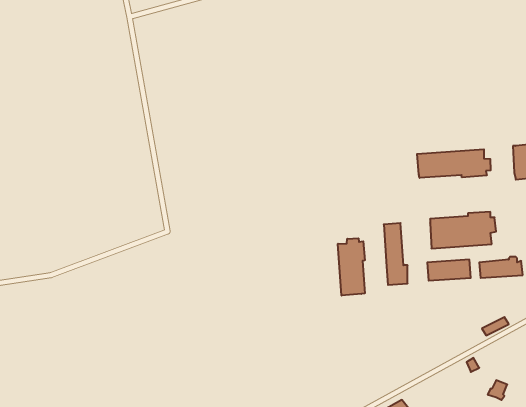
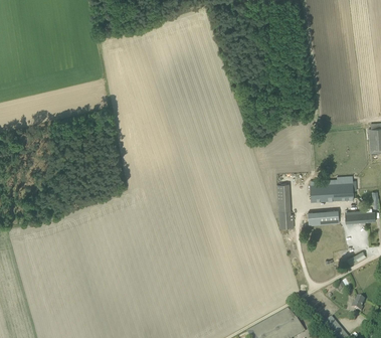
building: [417,149,491,178] -> none
building: [338,238,365,296] -> none

